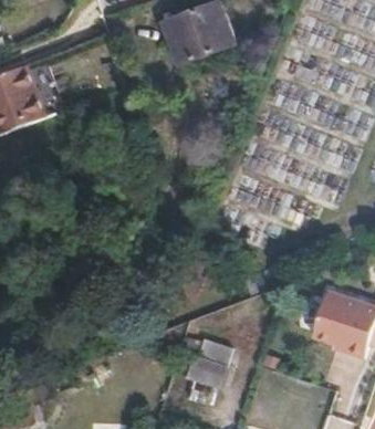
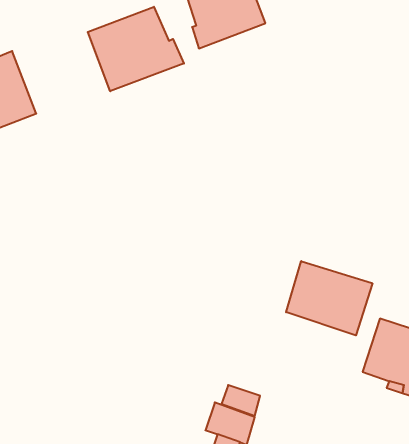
building: none -> [88,7,184,91]
building: none -> [286,261,372,335]

